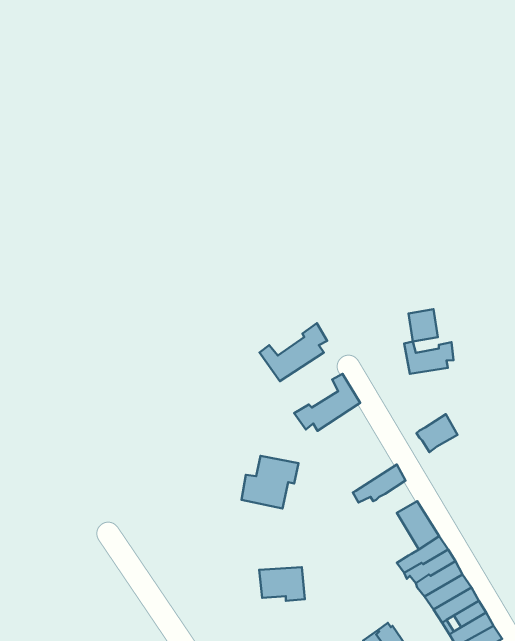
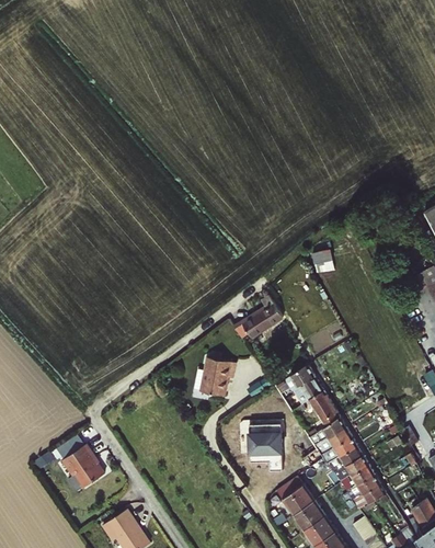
building: [260,323,327,381] -> none
building: [404,341,454,374] -> none
building: [416,414,457,452] -> [291,376,322,404]
building: [259,567,305,601] -> [245,426,279,452]
building: none -> [60,445,103,489]

